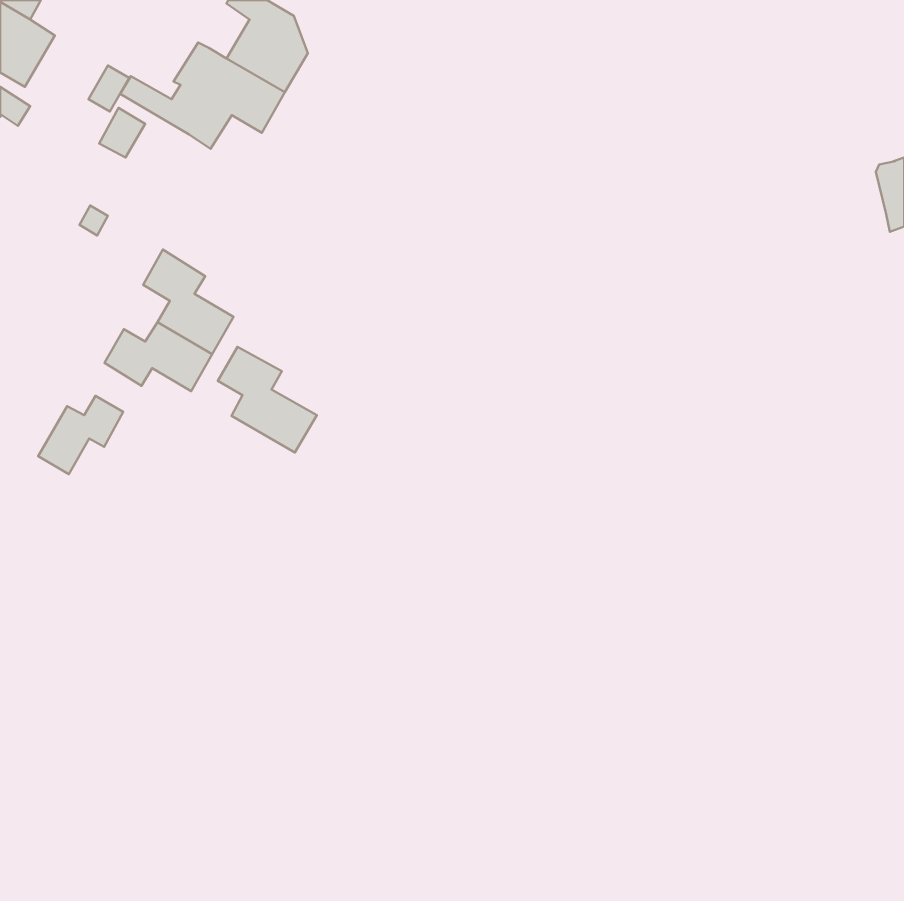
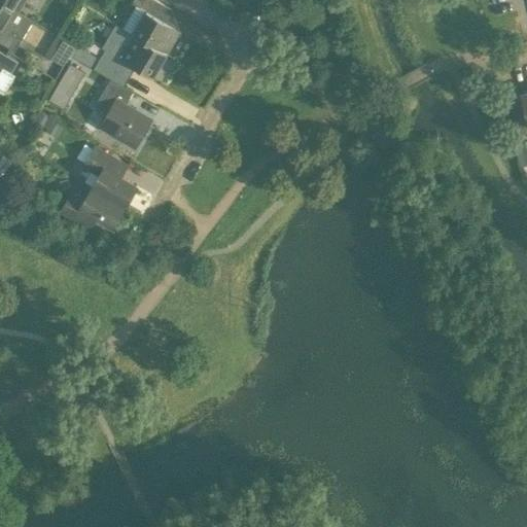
building: none -> [94,80,150,148]
building: [218,347,317,452] -> none
building: [38,396,123,474] -> none

